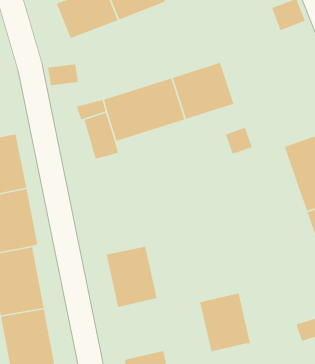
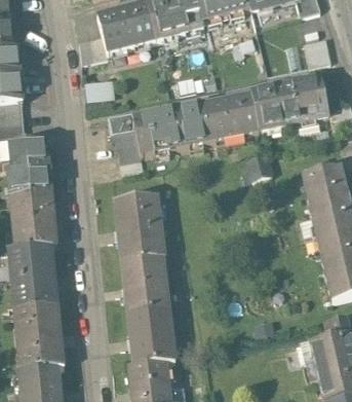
building: none -> [79,30,109,57]
building: none -> [249,70,327,126]
building: none -> [114,193,164,258]
building: [199,292,251,352] -> [127,305,172,360]

